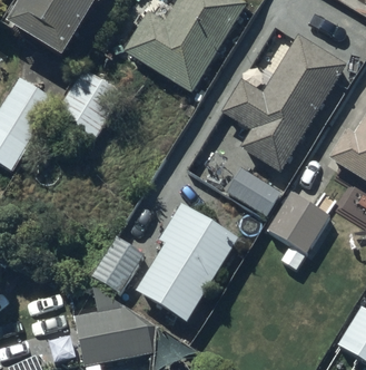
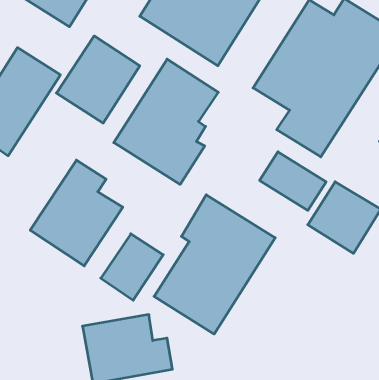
building: none -> [114,59,218,184]
building: none -> [30,160,123,266]

